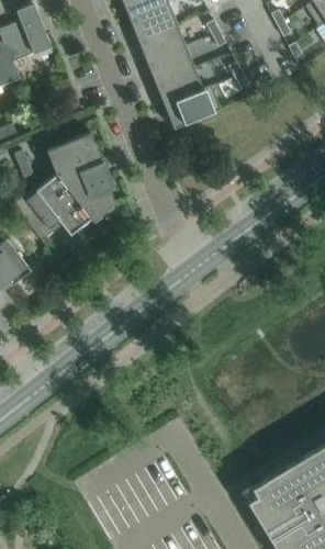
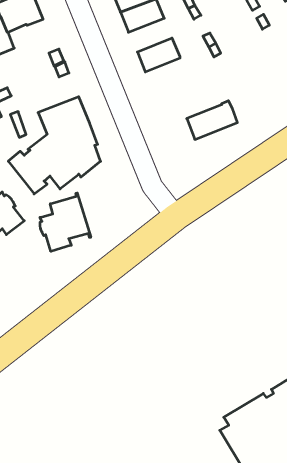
building: [146,45,194,82] -> none
building: [165,85,221,127] -> [187,101,237,139]
building: none -> [40,193,91,251]

